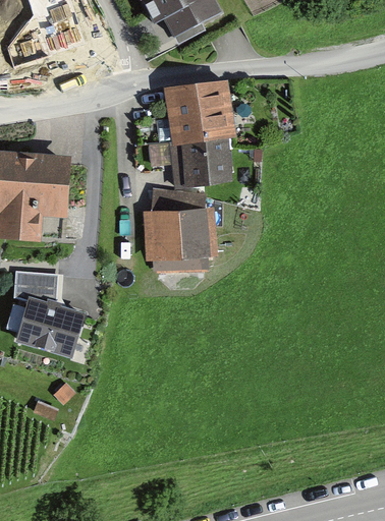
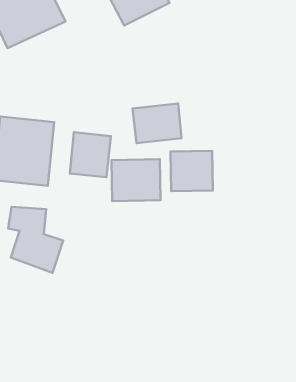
building: [165,82,229,144] -> none
building: none -> [70,132,111,177]
building: none -> [171,151,213,191]

